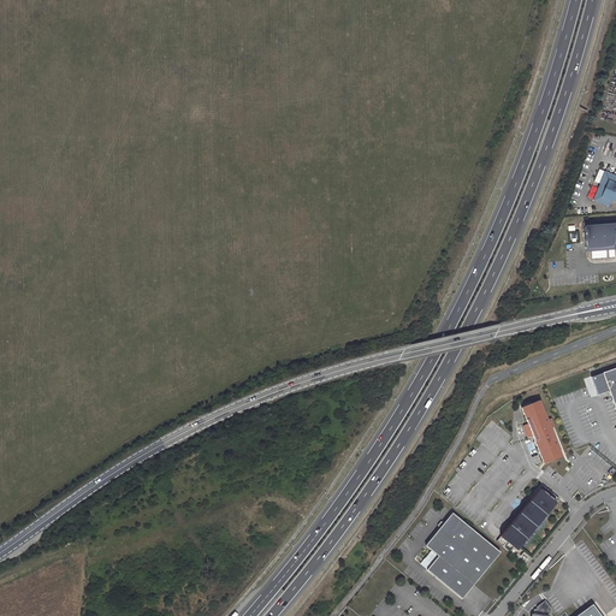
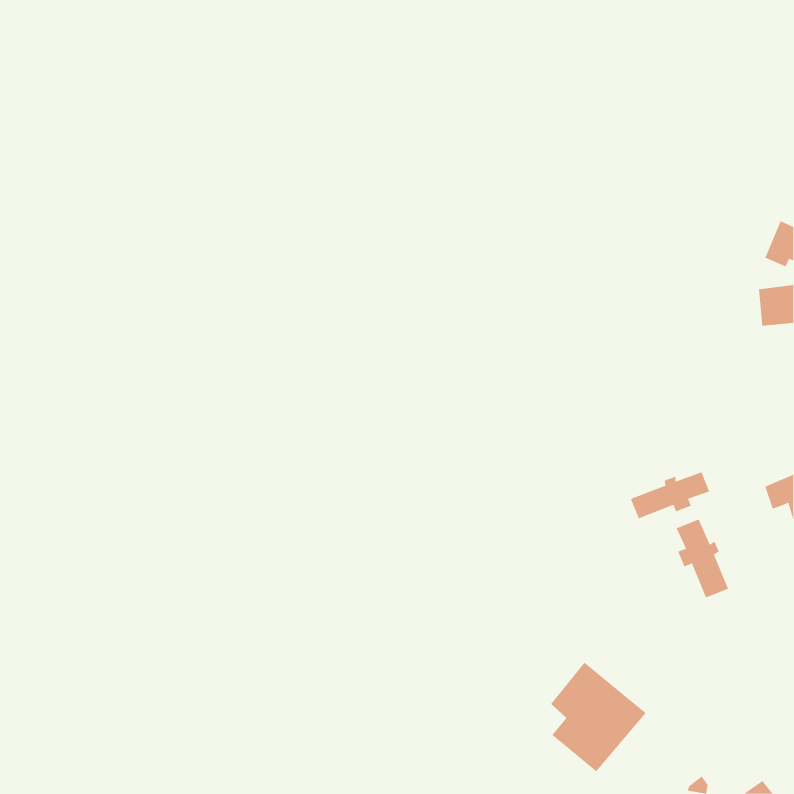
building: none -> [630,471,710,519]
building: [500,488,556,550] -> none

